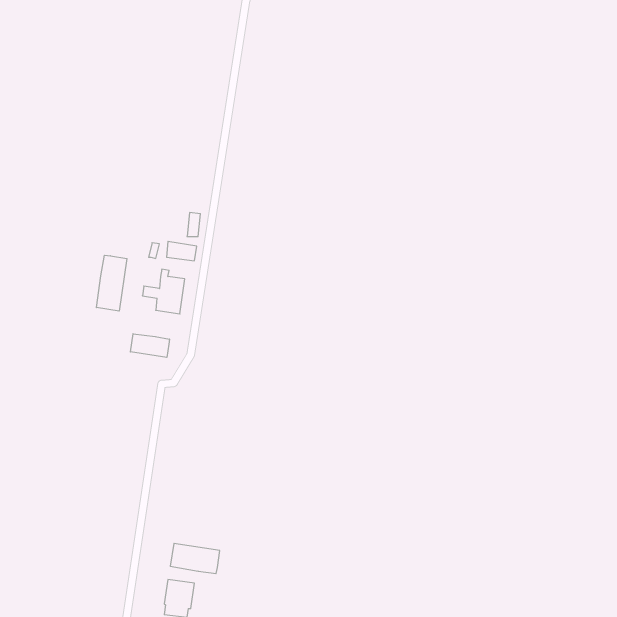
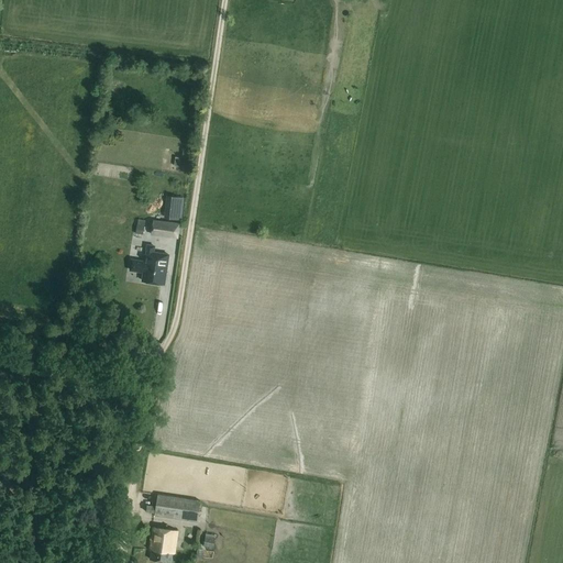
building: [96,255,127,311] -> none
building: [130,334,169,357] -> none

